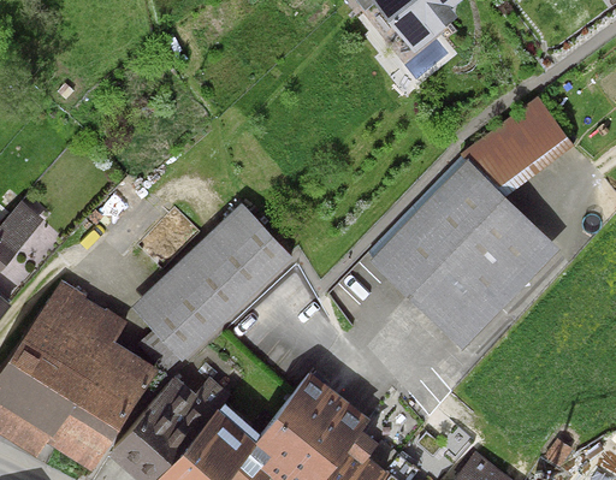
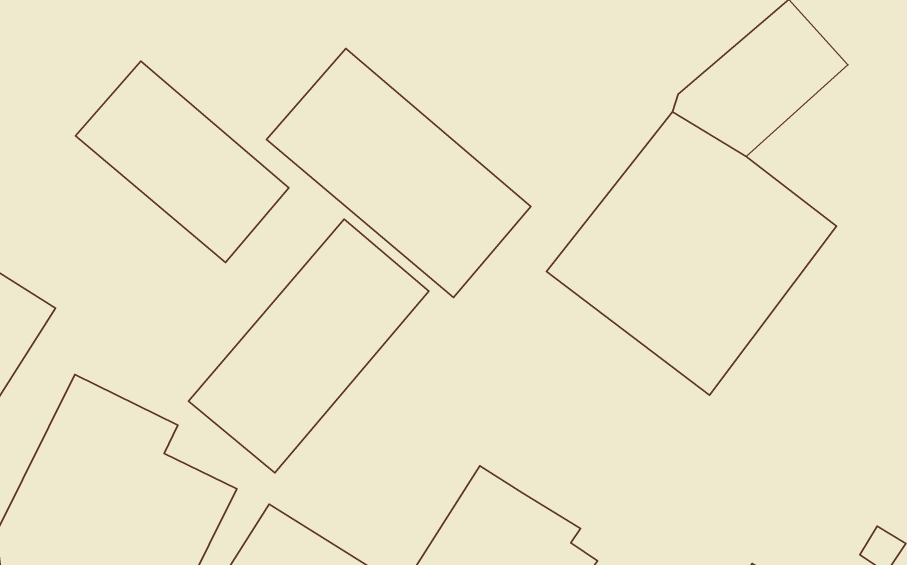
building: none -> [76,61,289,263]
building: none -> [267,48,531,297]

